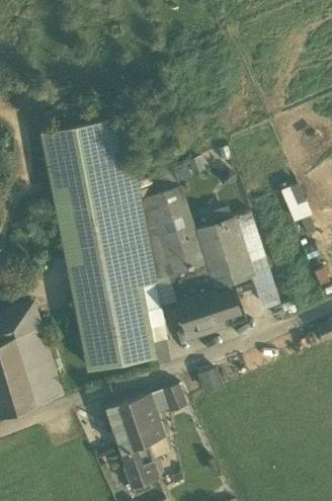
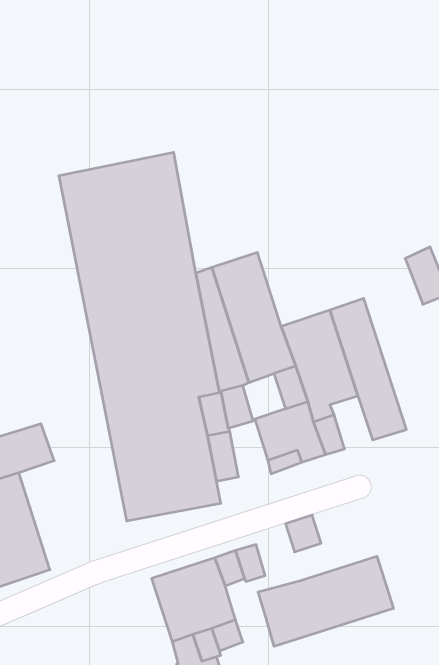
building: [15,330,61,405] -> none
building: none -> [258,556,393,646]

